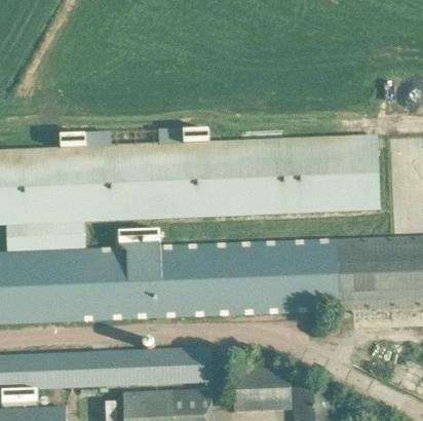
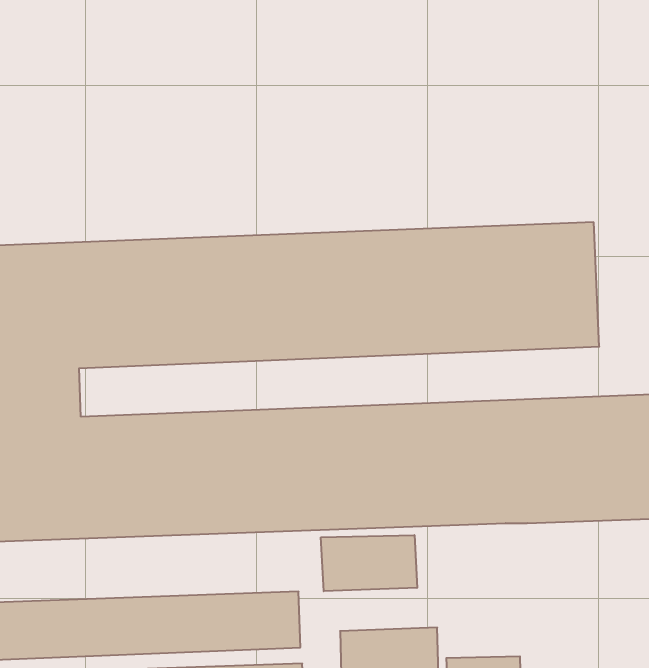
building: none -> [321,535,417,591]

